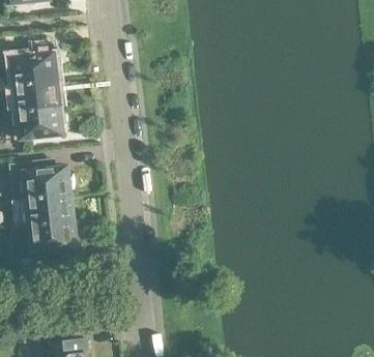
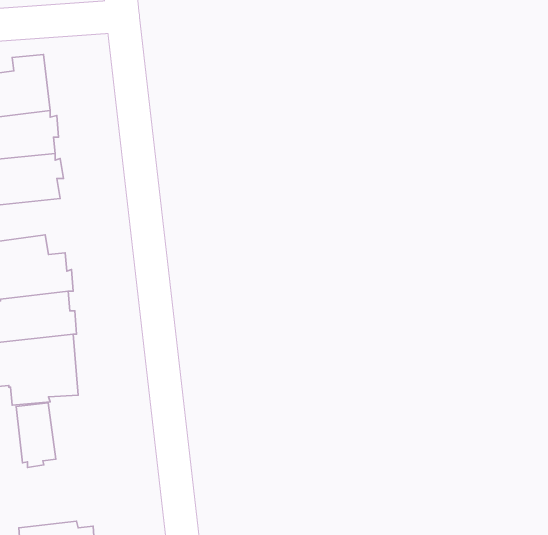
building: none -> [16,403,56,467]

